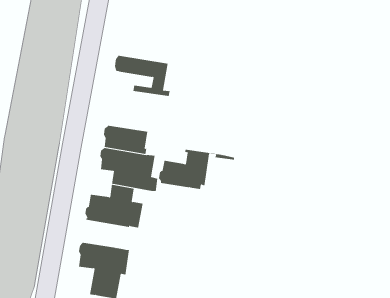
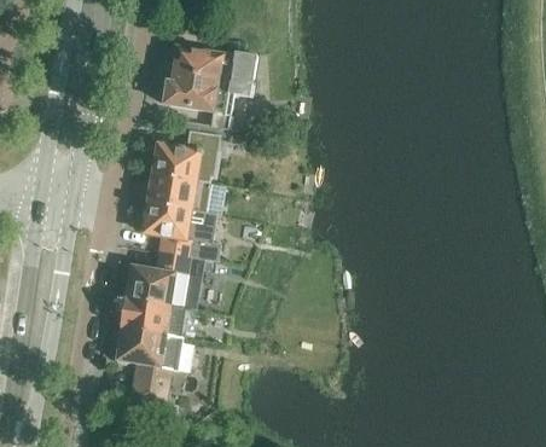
building: none -> [167,46,256,95]
building: [158,149,235,190] -> [151,128,251,181]
building: none -> [117,297,182,336]

